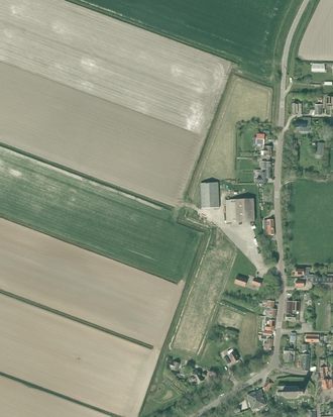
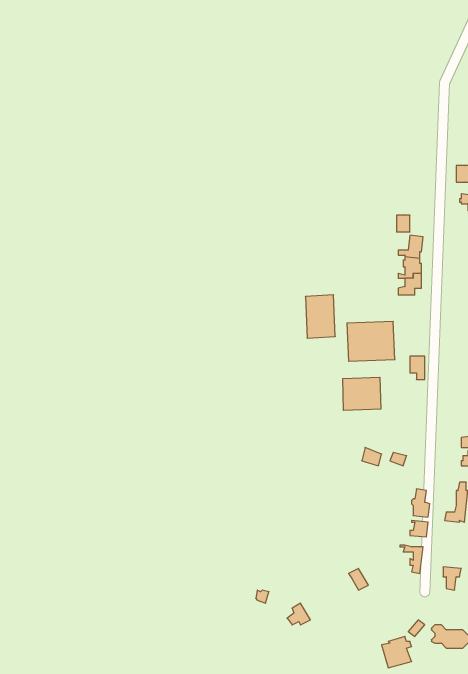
building: none -> [343,377,381,410]

